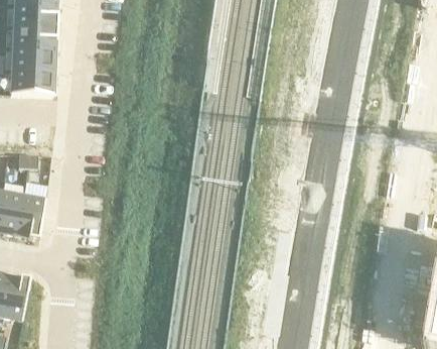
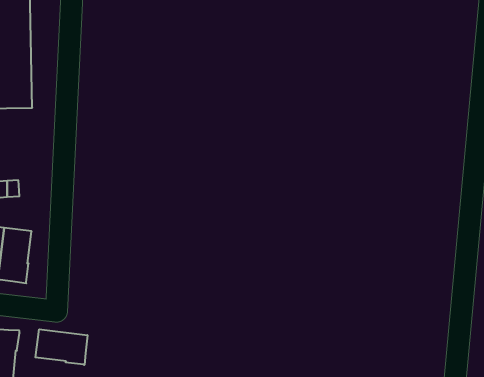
building: none -> [35,329,87,365]

